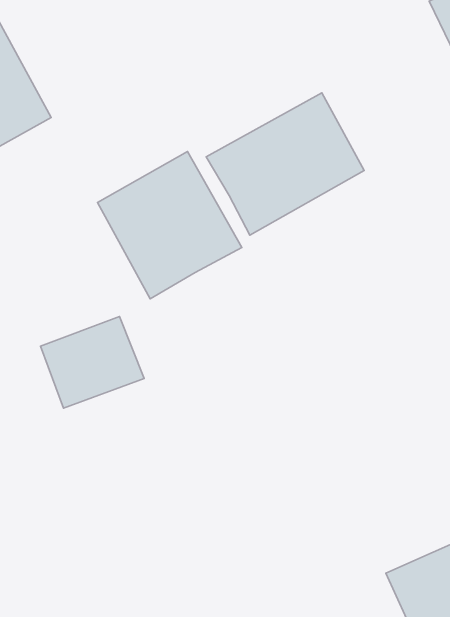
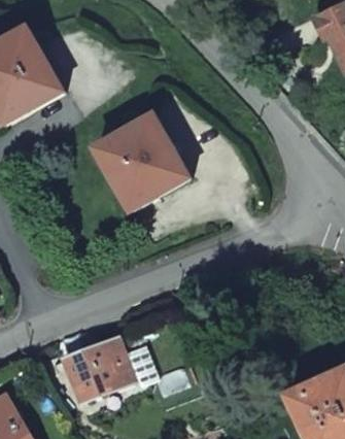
building: [206,93,364,235] -> none
building: [40,317,144,408] -> [65,338,134,399]

